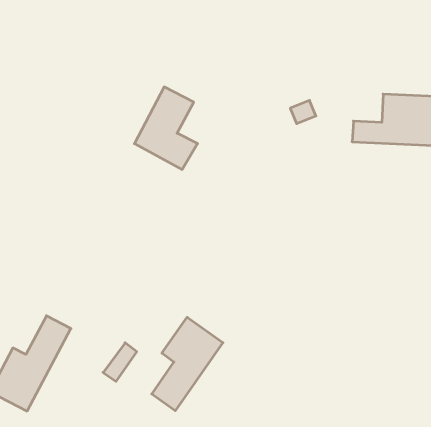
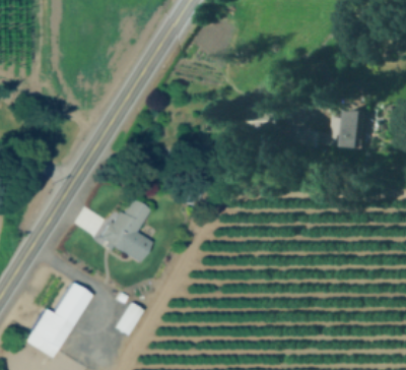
building: [134,87,198,169] -> [103,195,152,260]
building: [152,317,223,411] -> none

